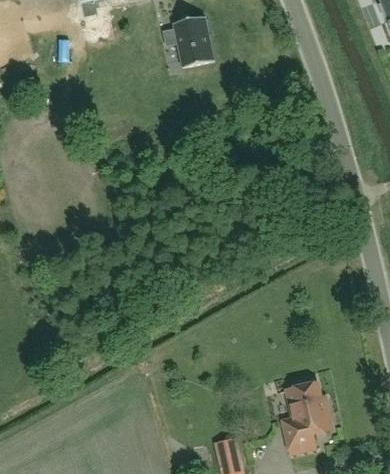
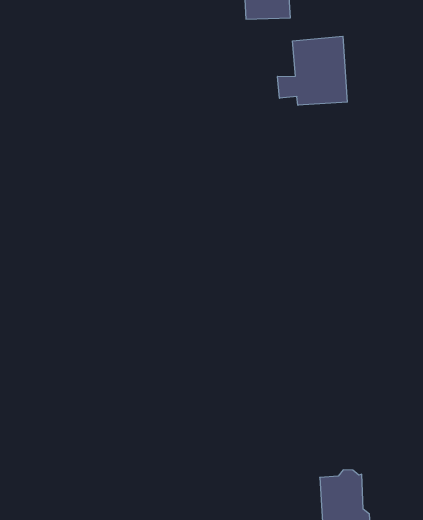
building: none -> [278,36,347,105]

